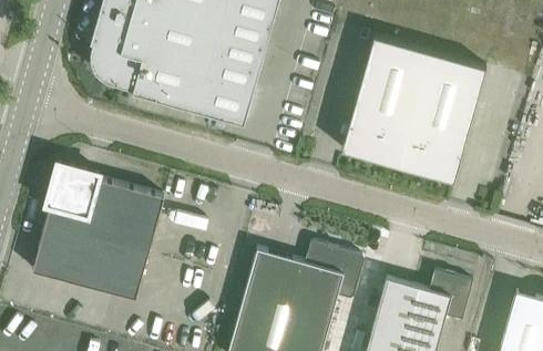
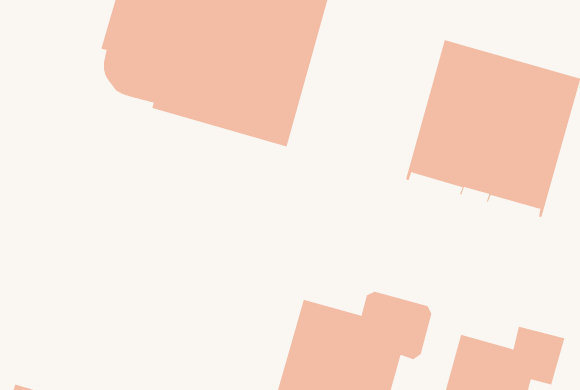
building: [32,164,164,300] -> none

